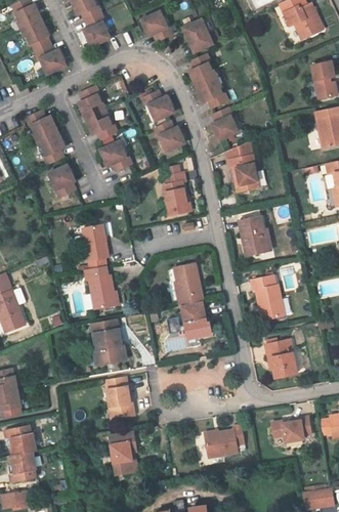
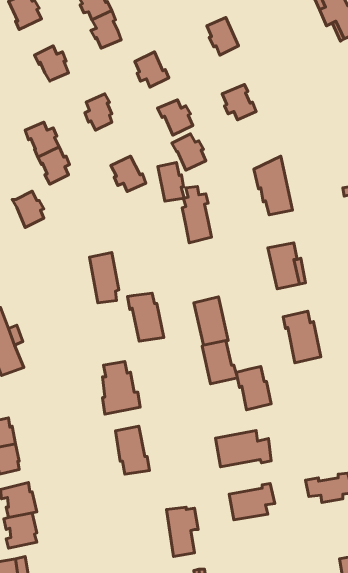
building: [142,11,172,42] -> [135,52,169,87]
building: [20,20,50,52] -> none
building: [188,54,217,86] -> none
building: [211,108,238,140] -> none
building: [87,111,117,139] -> none
building: none -> [158,162,184,201]
building: [47,166,75,198] -> [12,191,44,228]
building: [84,266,116,308] -> [128,293,164,341]
building: [265,340,296,378] -> [236,366,271,410]
building: none -> [215,431,271,467]
building: [109,432,136,475] -> [166,507,198,556]

